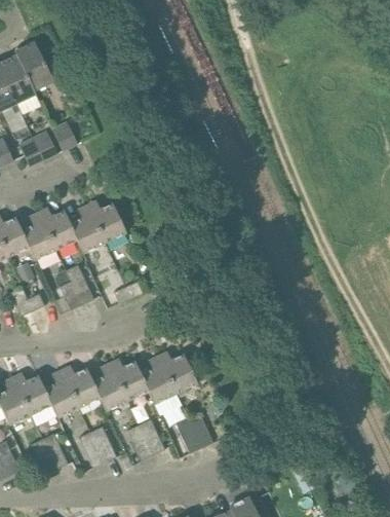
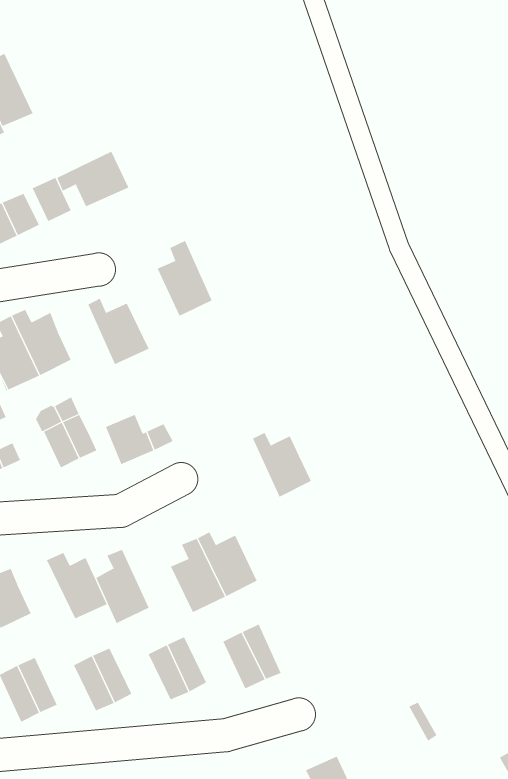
building: none -> [56,151,129,207]
building: [69,204,105,253] -> [157,240,212,316]
building: [110,358,155,403] -> [252,432,322,502]
building: [43,369,79,417] -> none

